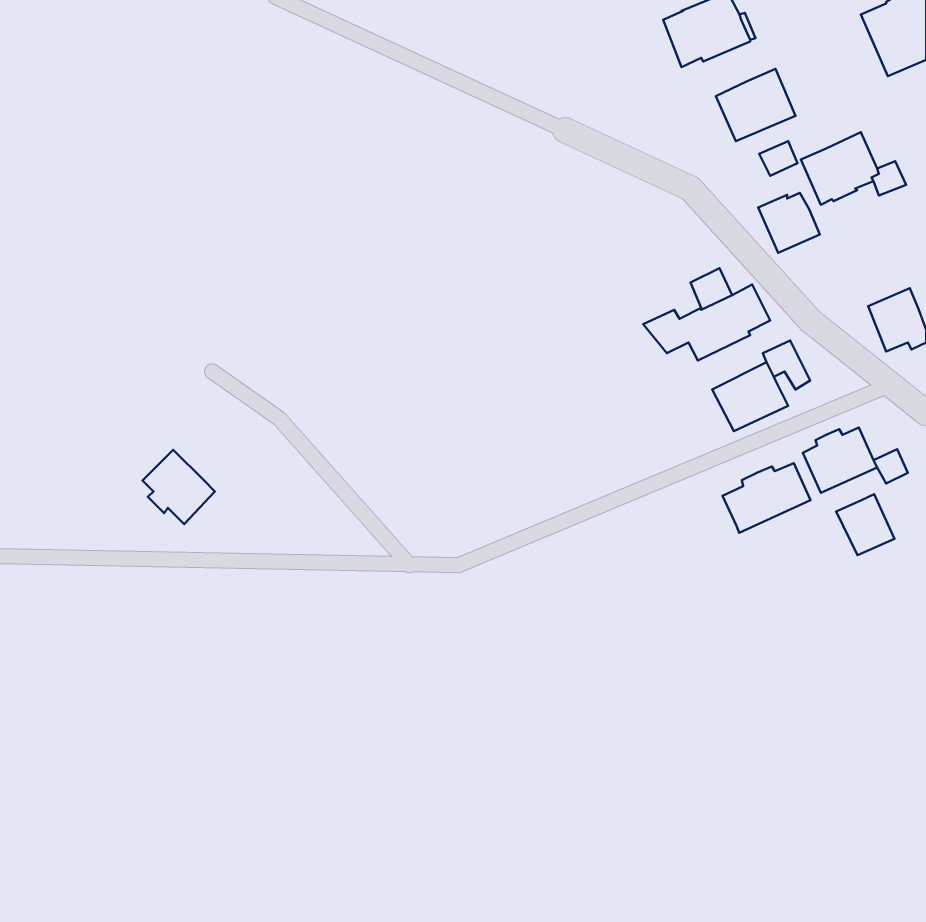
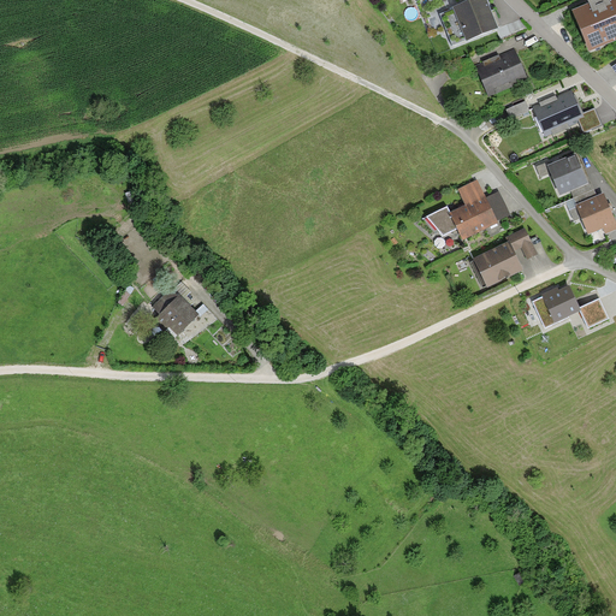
building: [758,193,820,253] -> [547,155,588,195]
building: [142,450,215,524] -> [152,286,200,336]
building: [722,463,811,533] -> none
building: [836,494,894,555] -> none

